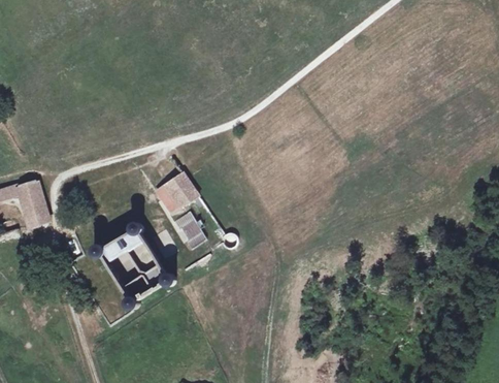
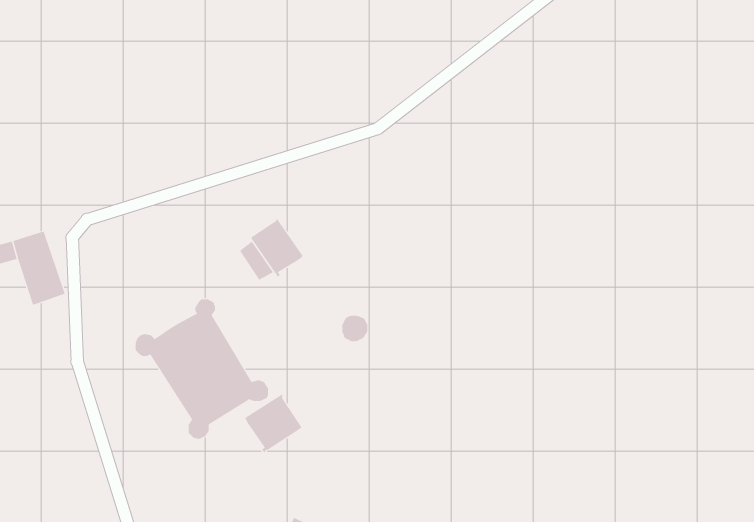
building: [173,208,206,247] -> none
building: none -> [244,394,302,453]

